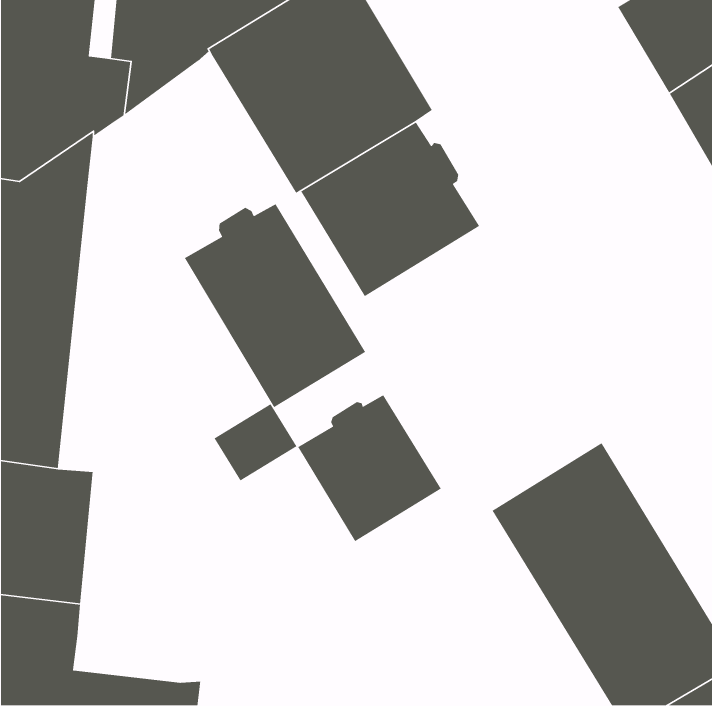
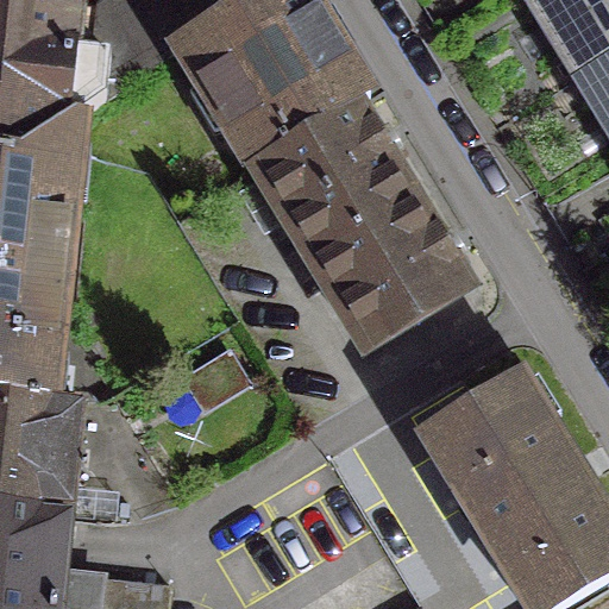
building: [184,203,366,408] -> none
building: none -> [312,193,466,345]
building: [297,394,442,542] -> none

